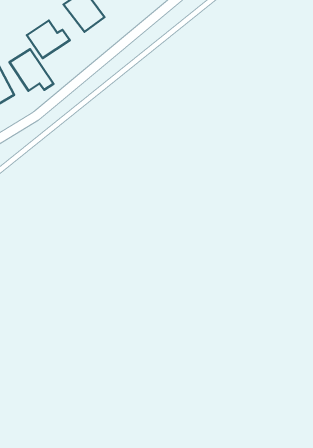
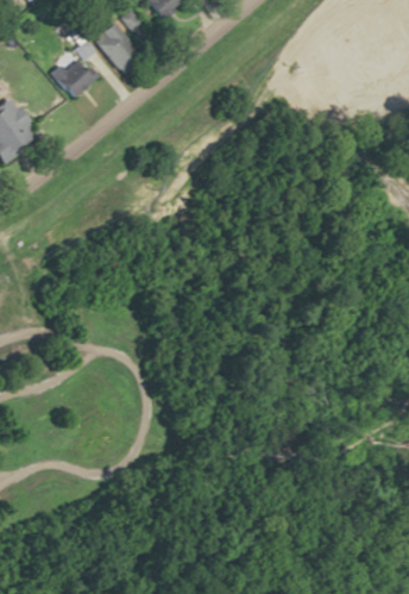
building: [10,49,54,91] -> none

